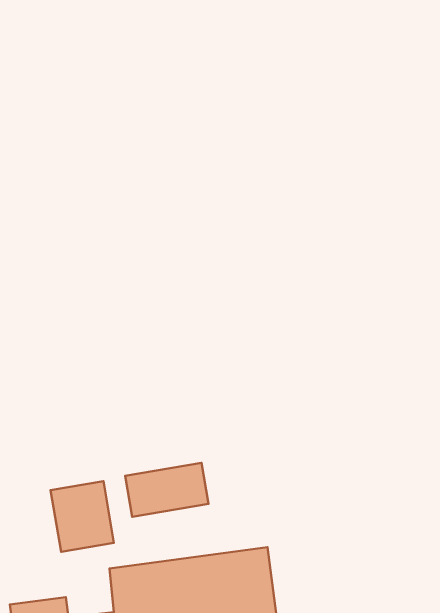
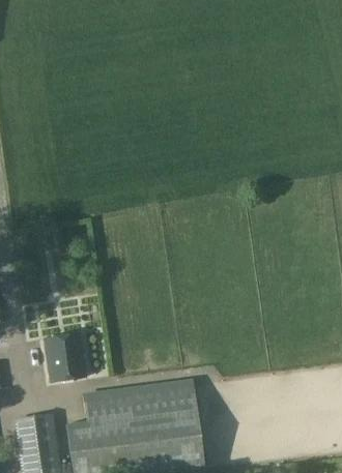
building: [125,463,208,517] -> none

